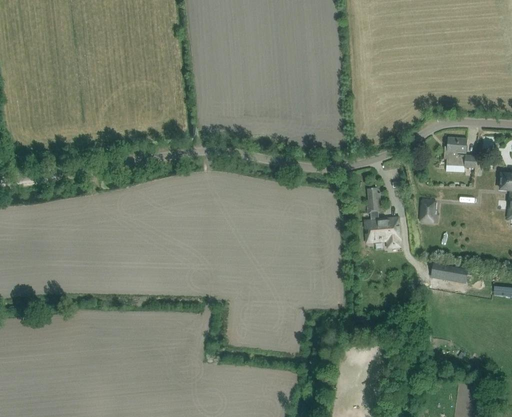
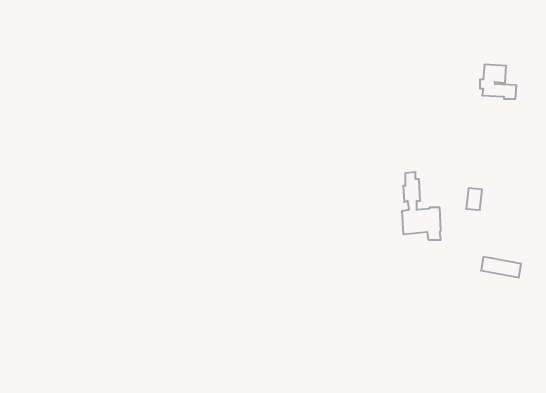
building: [443,138,475,168] -> [480,65,517,99]

